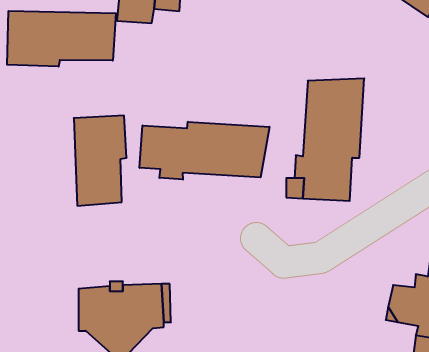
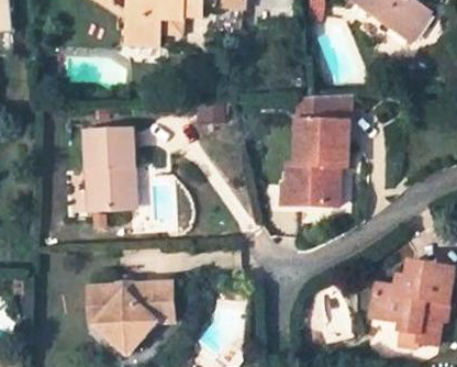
building: [7,11,116,67] -> none
building: [140,122,269,180] -> none

